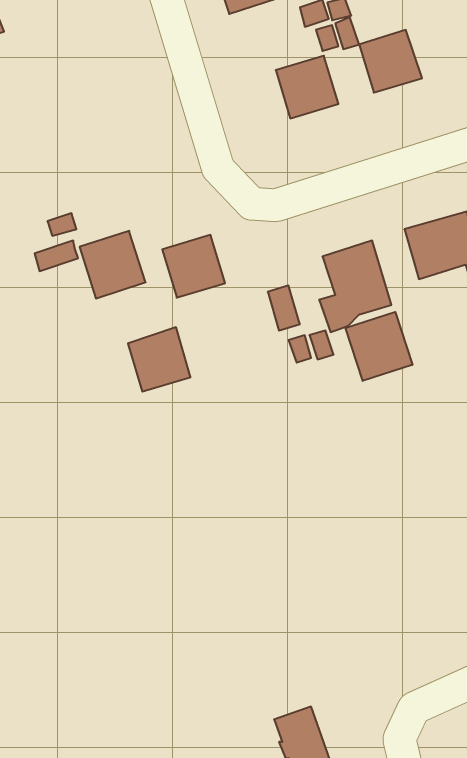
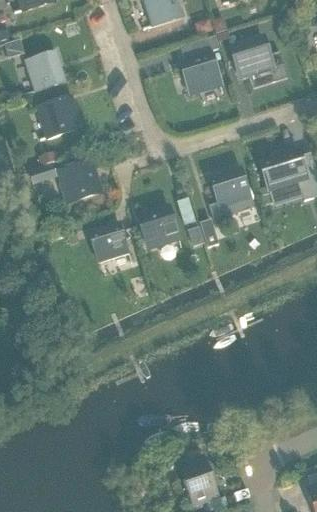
building: none -> [25,53,65,92]
building: none -> [39,98,79,138]
building: [162,235,225,298] -> [139,208,178,247]
building: [346,312,412,381] -> none

